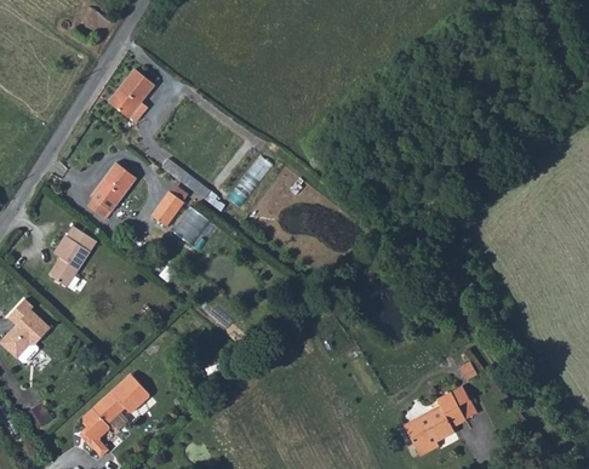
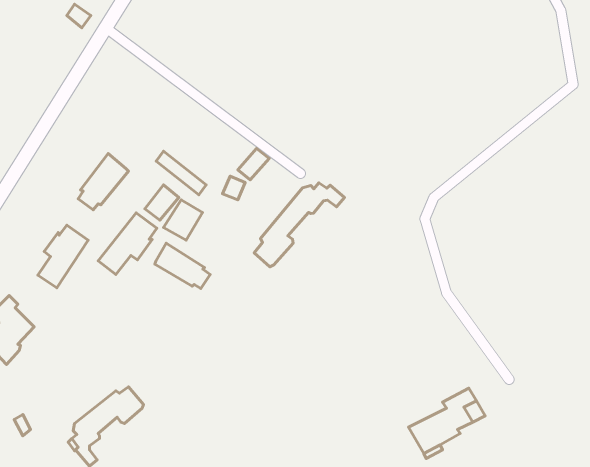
building: [110,65,151,111] -> none
building: none -> [254,183,344,267]
building: none -> [98,213,157,275]
building: none -> [155,243,210,289]

